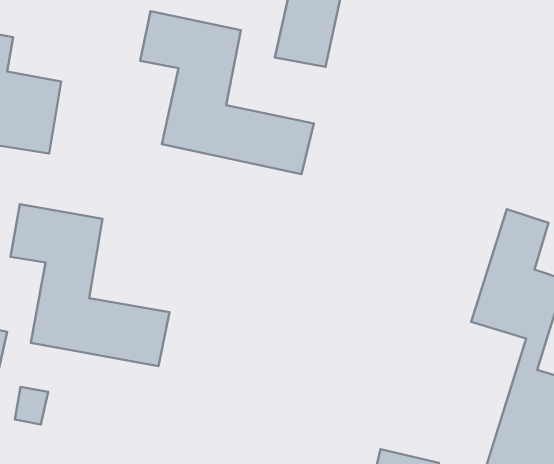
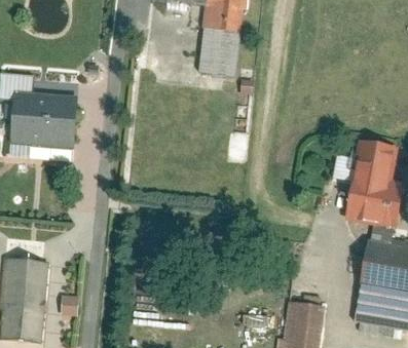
building: [140,11,314,174] -> none
building: [11,204,169,366] -> none

